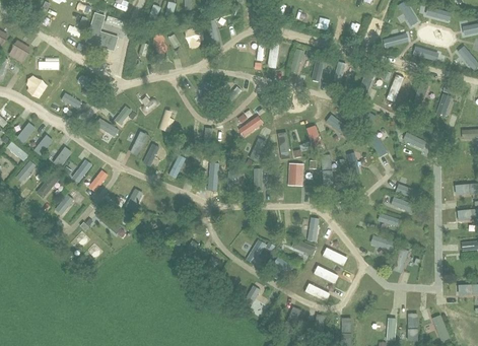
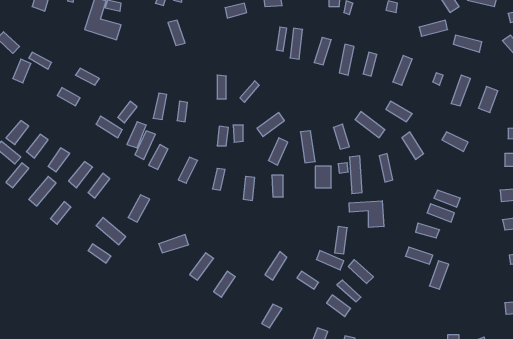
building: none -> [349,201,384,227]

